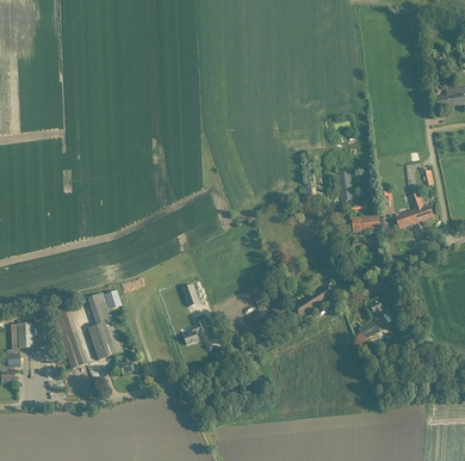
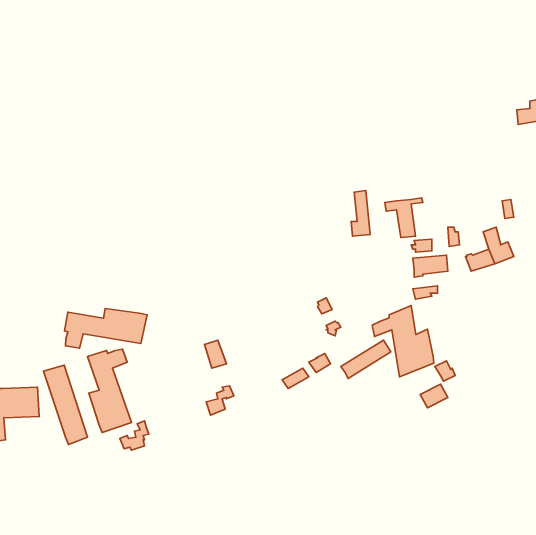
building: none -> [372,305,434,377]
building: none -> [65,308,147,348]

